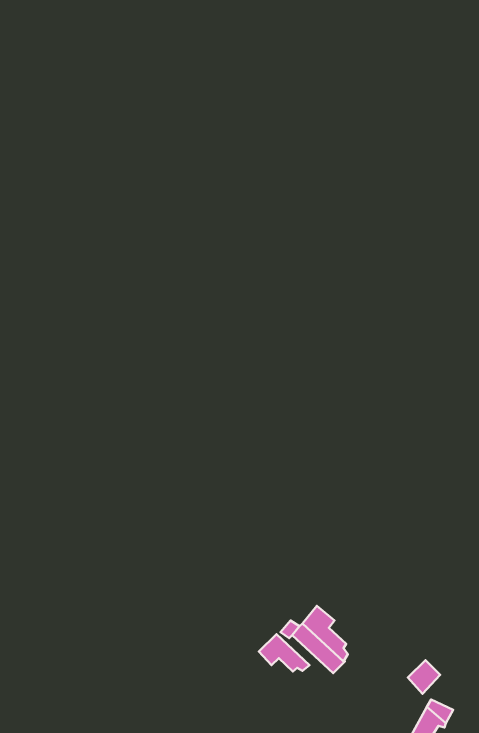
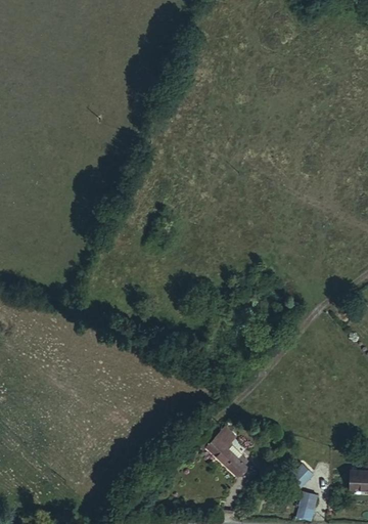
building: [259,634,310,671] -> none

